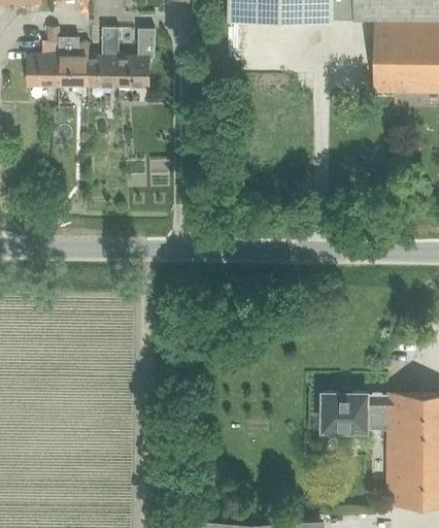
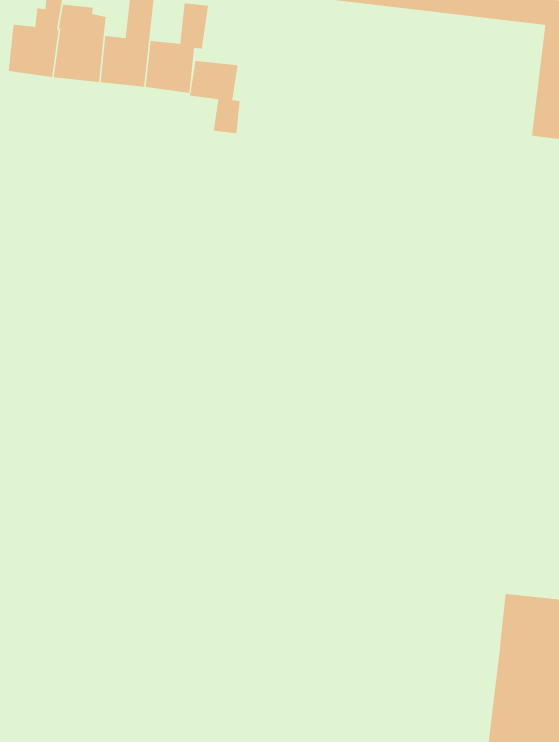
building: none -> [190,60,240,134]
building: [319,394,389,431] -> none

